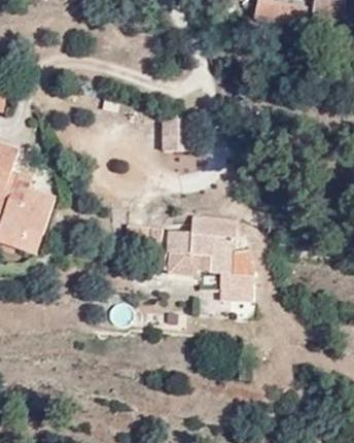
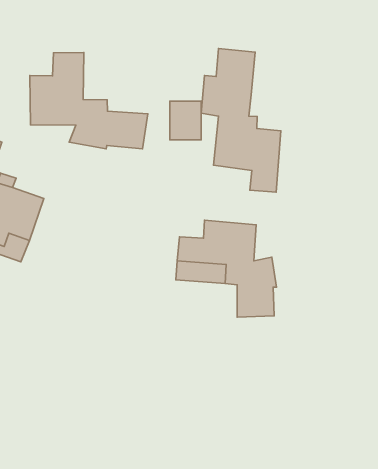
building: none -> [201,48,281,192]
building: none -> [30,53,148,149]

